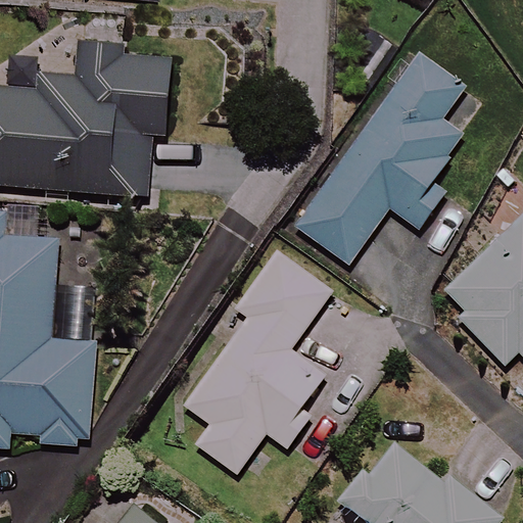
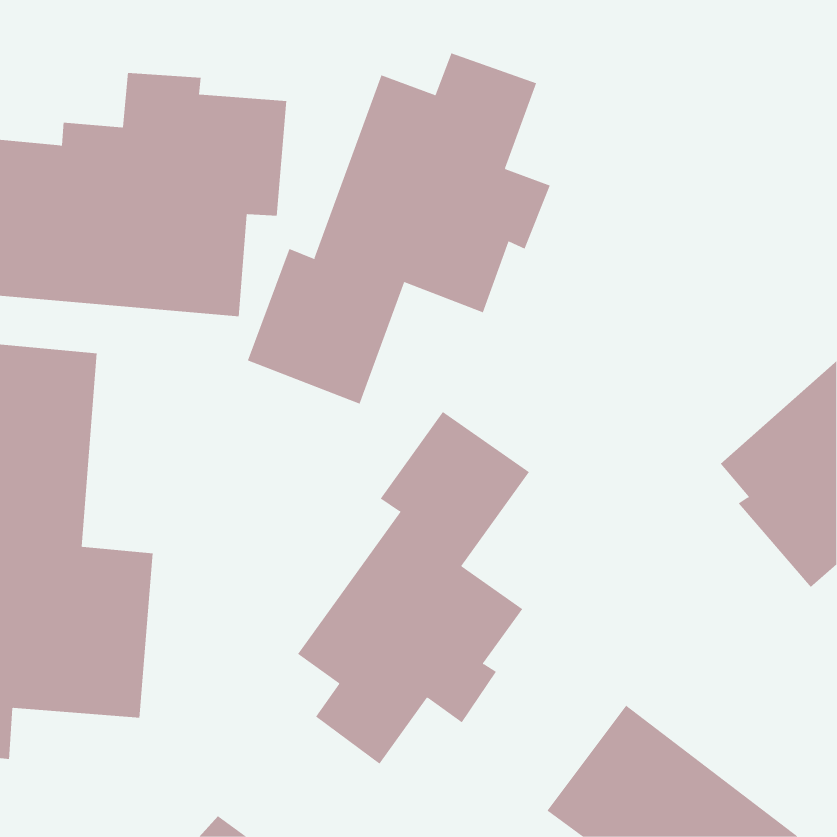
building: none -> [247,52,551,405]
building: [295,55,466,264] -> none

